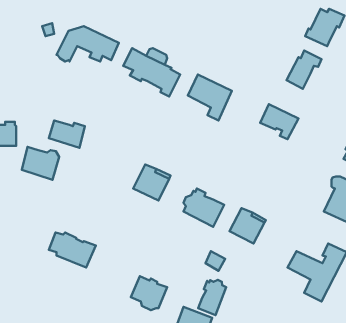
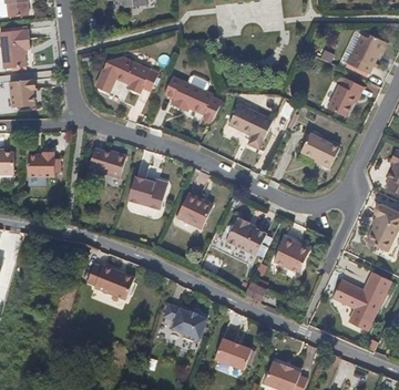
building: [22,147,59,180] -> [127,176,165,209]
building: [198,280,226,315] -> none

